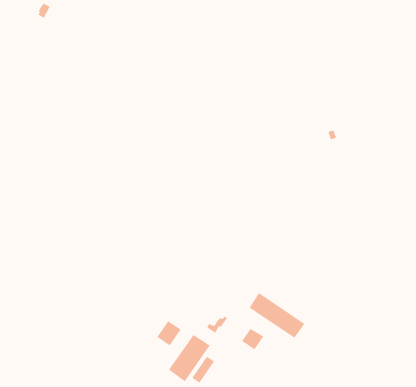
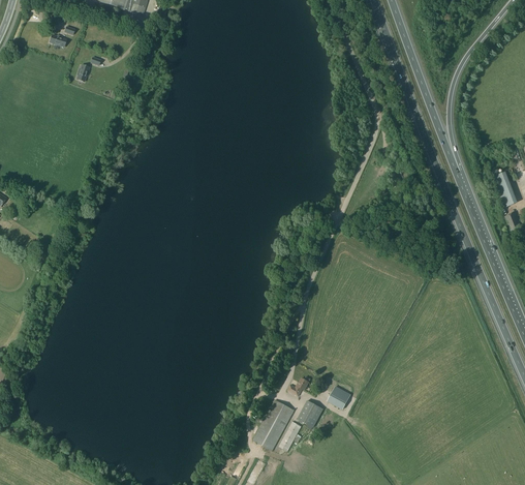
building: [249,292,305,339] -> none
building: [156,320,182,346] -> [298,399,323,426]

